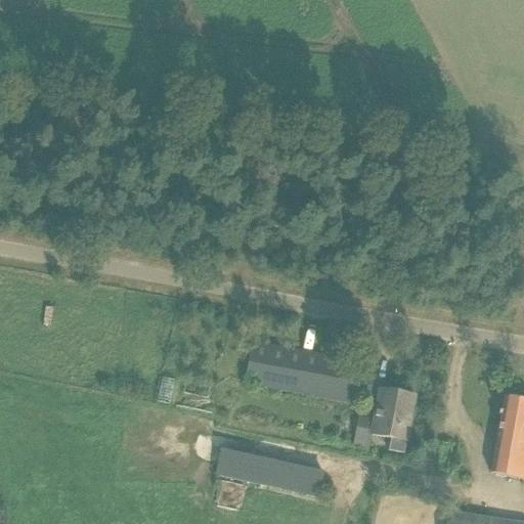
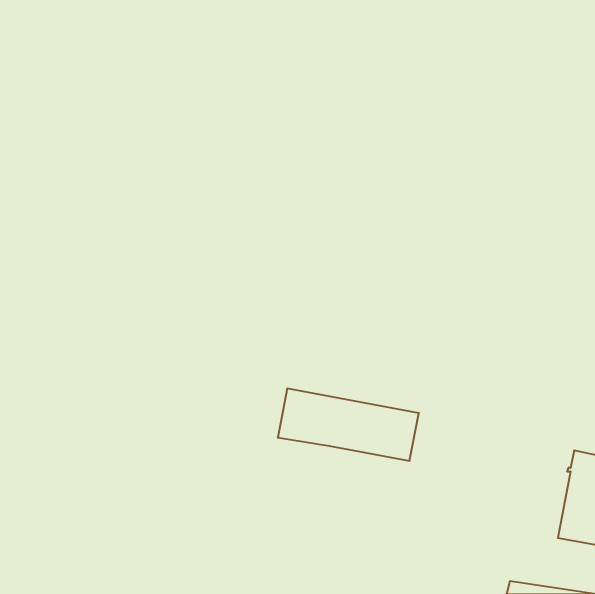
building: [372,388,416,452] -> none
building: [214,446,323,495] -> none

